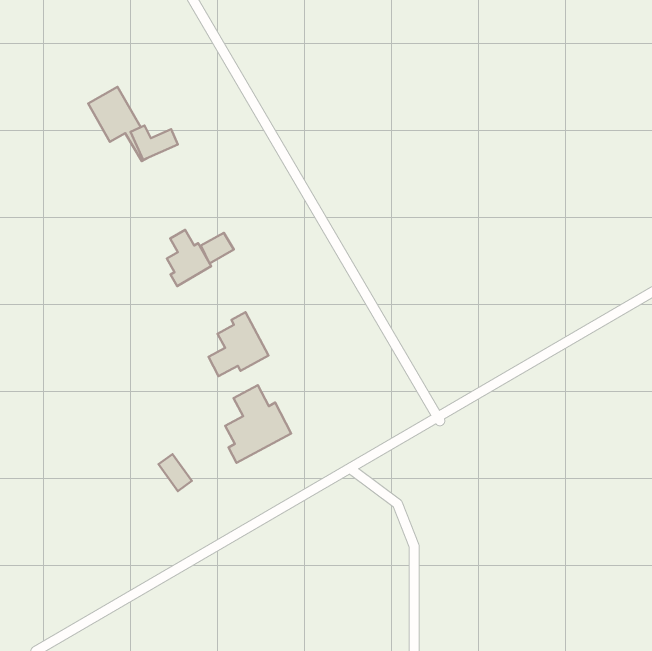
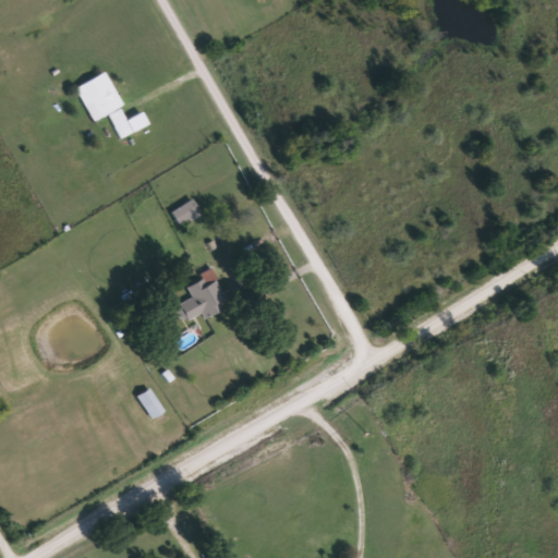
building: [167,230,211,286] -> none
building: [225,385,291,463] -> none

